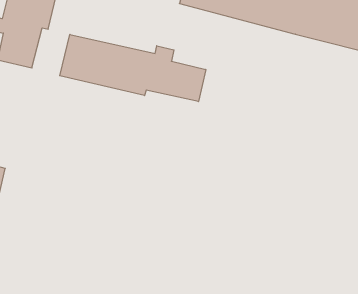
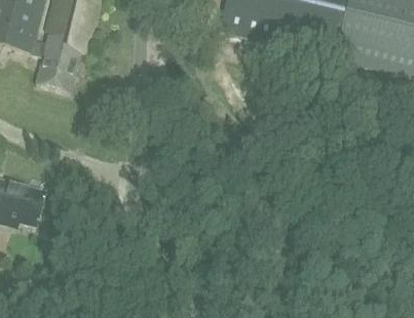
building: [60,34,206,102] -> none

